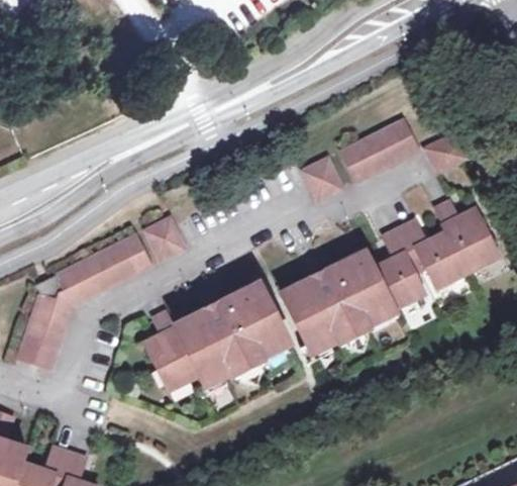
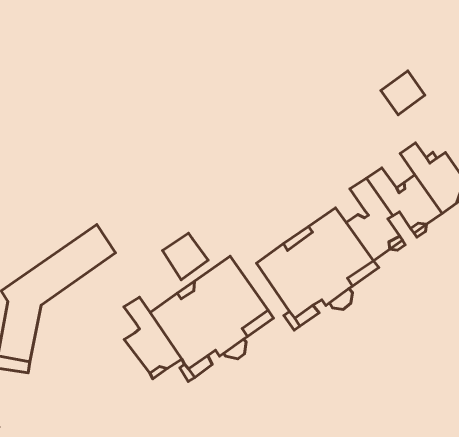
building: [338,117,419,180] -> none
building: [300,156,342,200] -> none
building: [146,216,189,260] -> [162,233,208,280]

